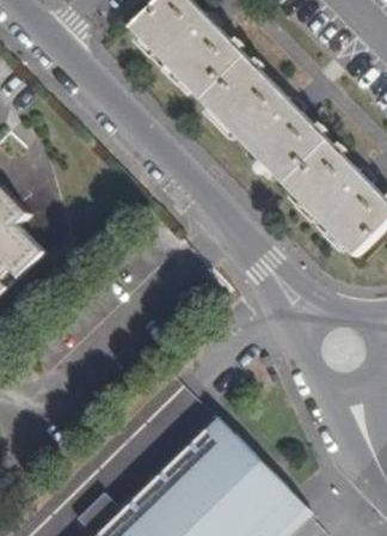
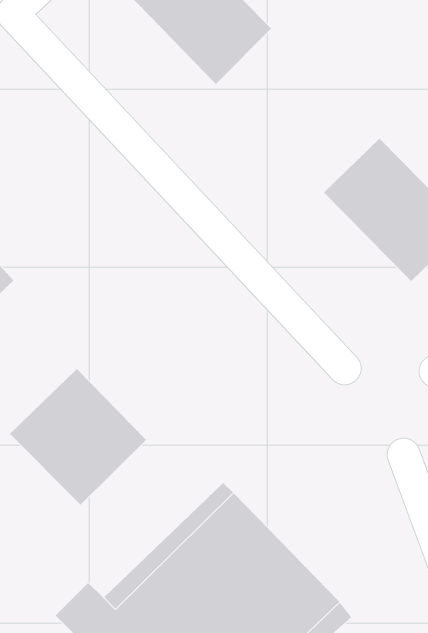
building: [201,56,330,185] -> none
building: none -> [9,368,147,505]

